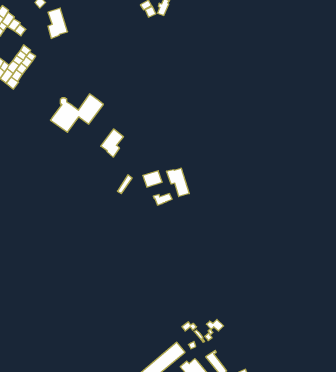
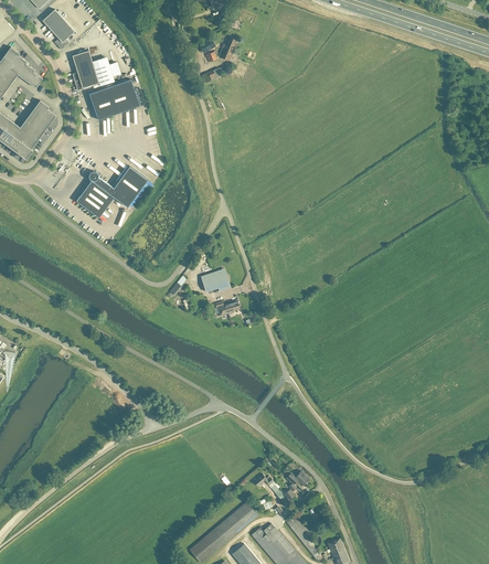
building: none -> [89,79,140,120]
building: [101,129,123,157] -> none
building: [167,168,189,197] -> none

